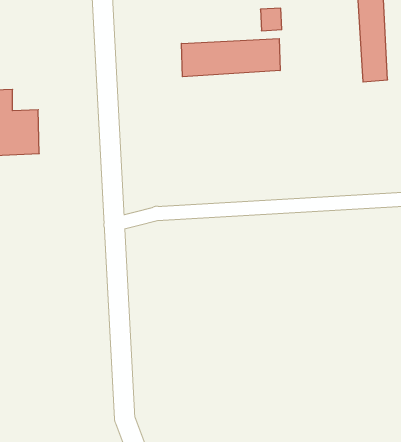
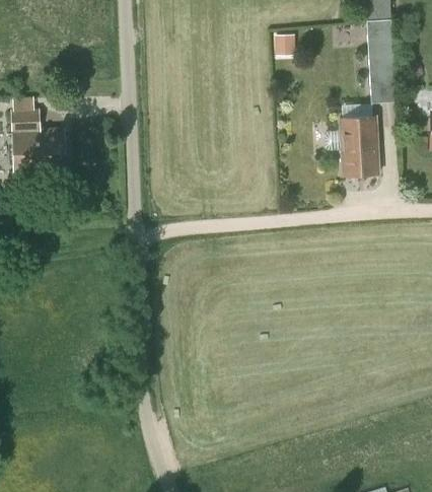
building: [181,39,280,77] -> none
building: none -> [323,116,379,175]

